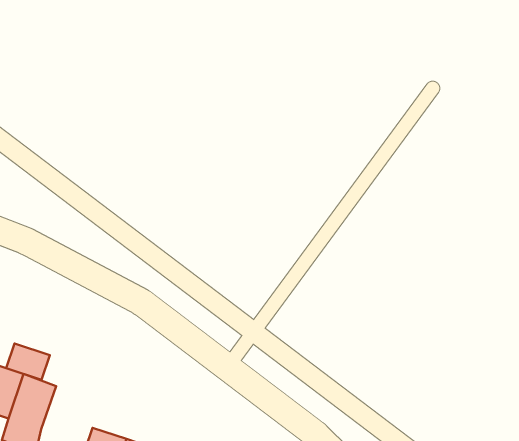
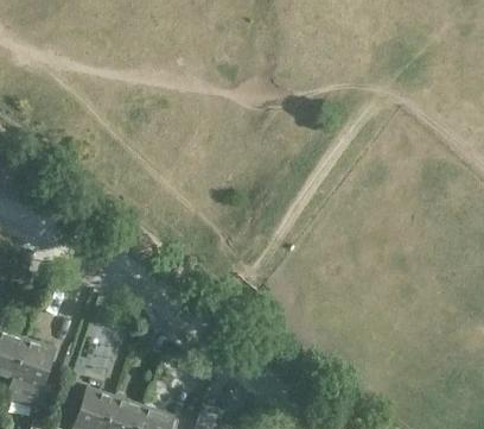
building: [6,343,50,380] -> none

